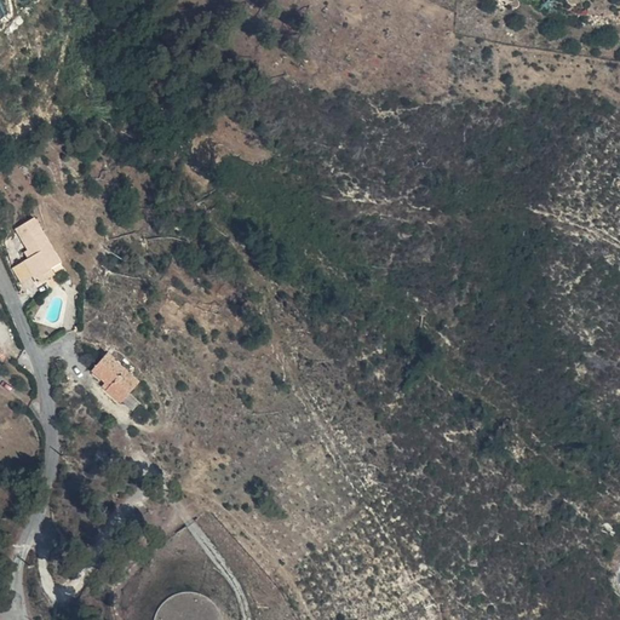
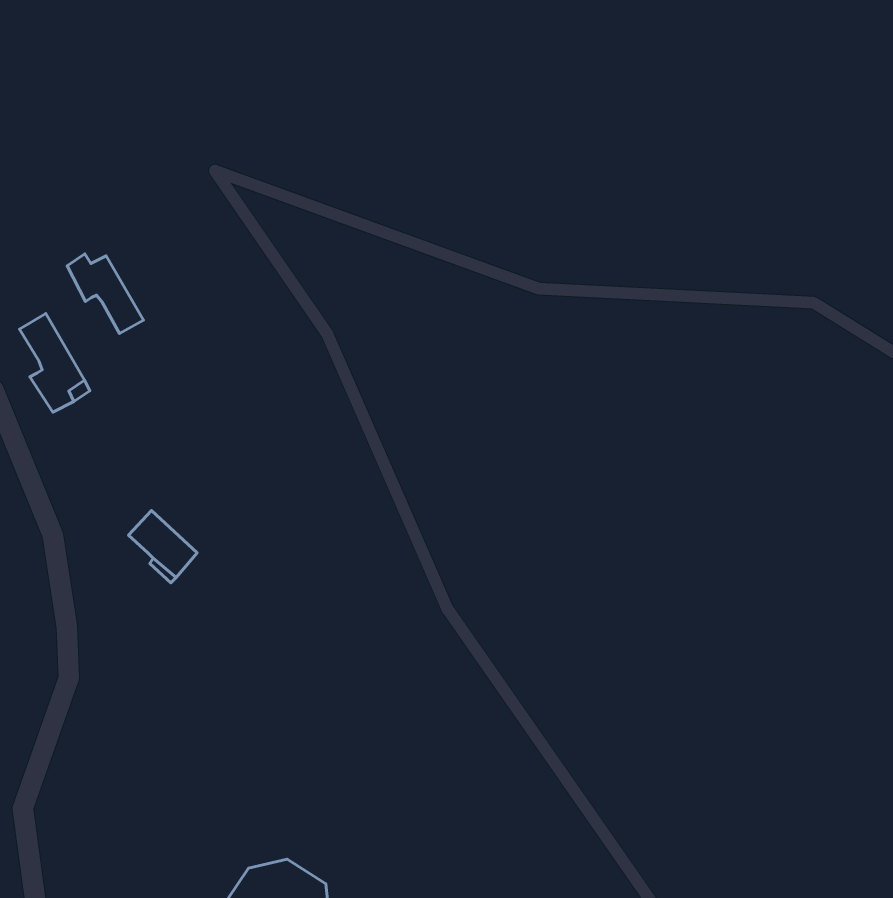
building: none -> [67,254,143,334]

